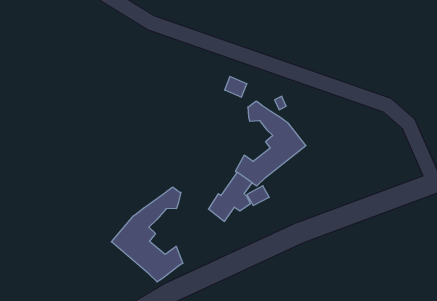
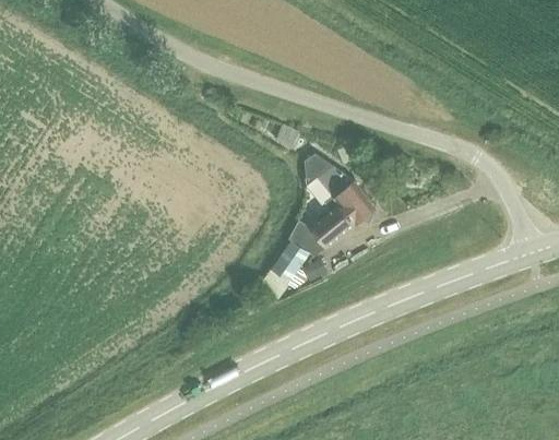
building: [111,187,183,282] -> none

